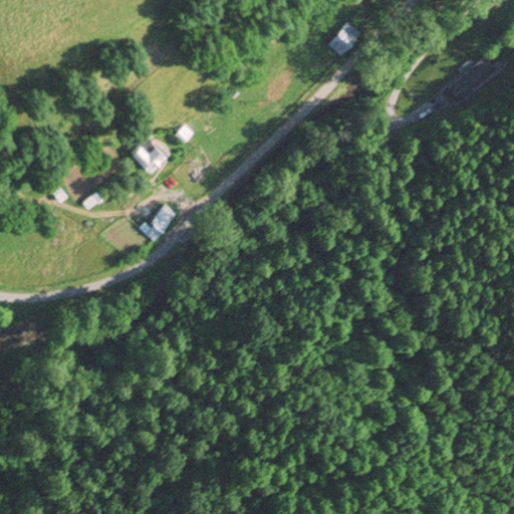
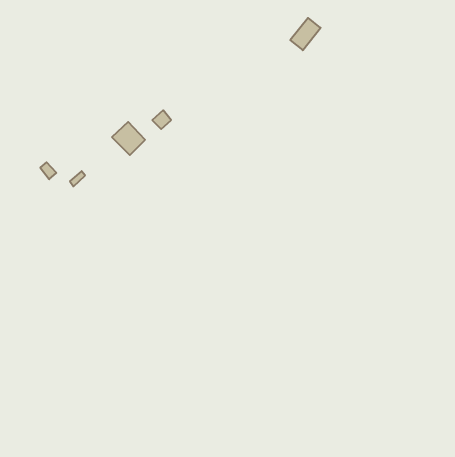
building: [144,204,178,242] -> none

